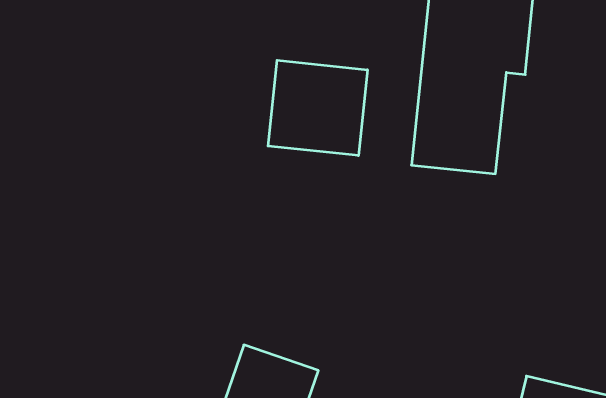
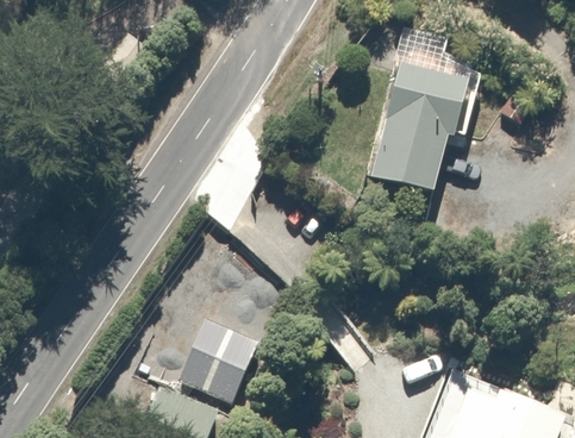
building: [268,60,367,156] -> none

